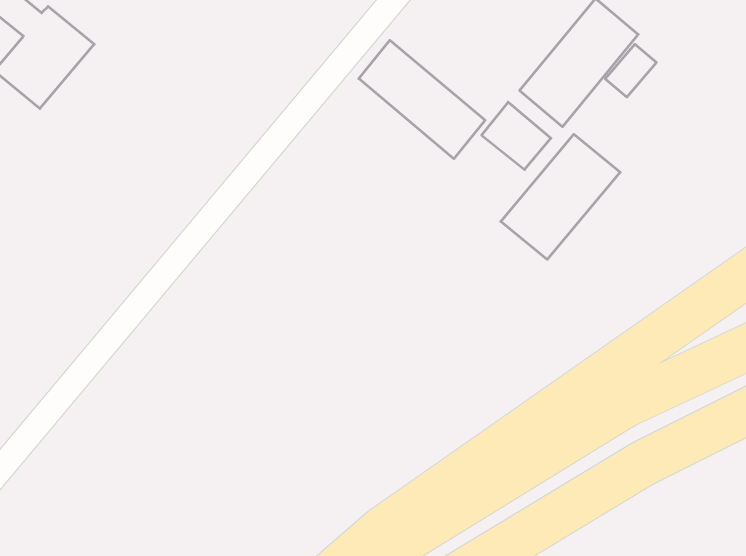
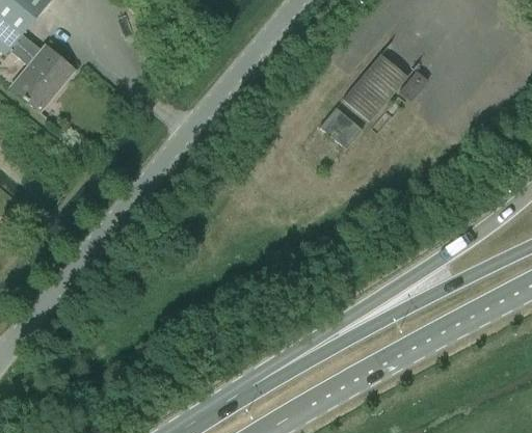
building: [359,40,485,159] -> none
building: [501,134,620,259] -> none

